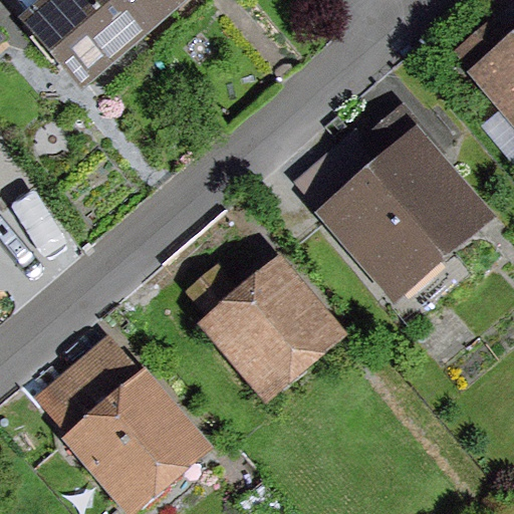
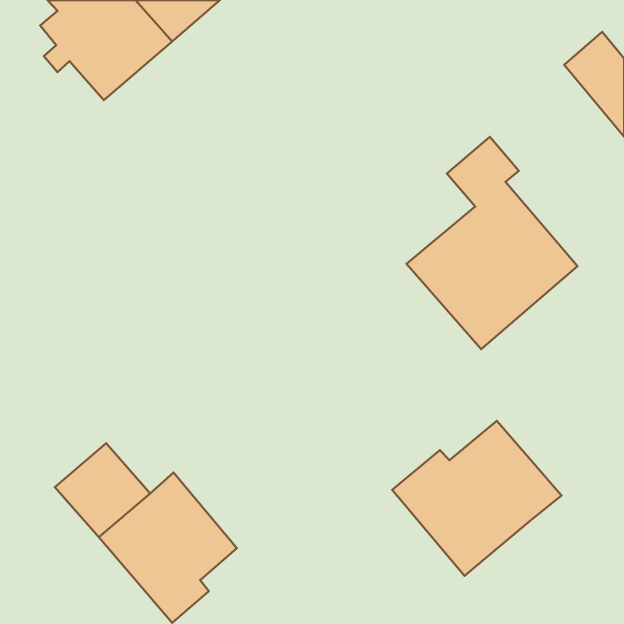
building: [195,274,330,398] -> none
building: none -> [392,421,561,576]

